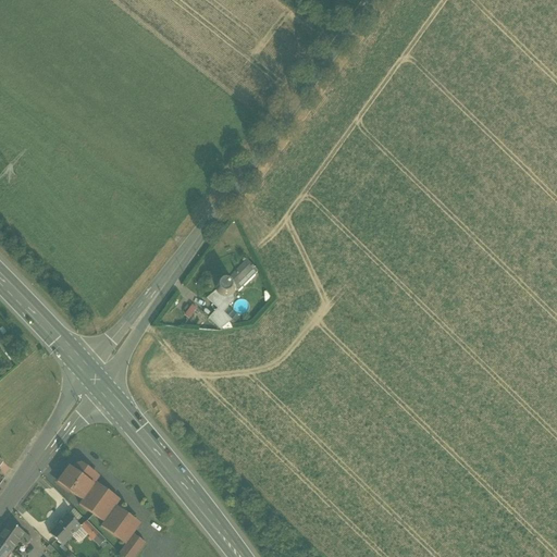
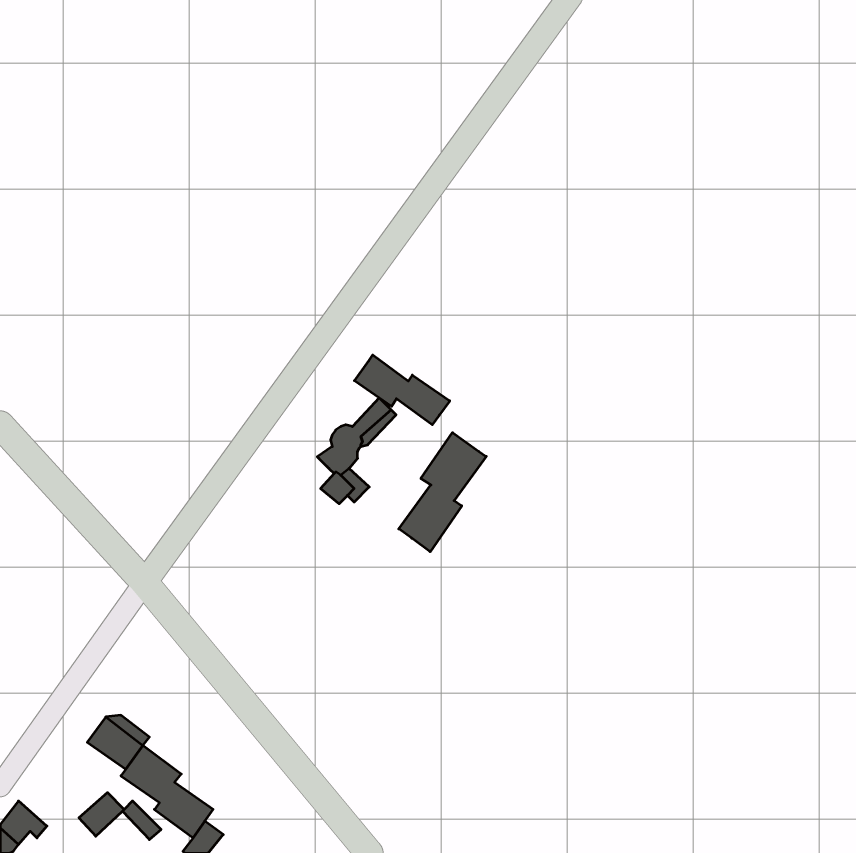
building: none -> [354,355,450,425]
building: none -> [399,433,486,552]

